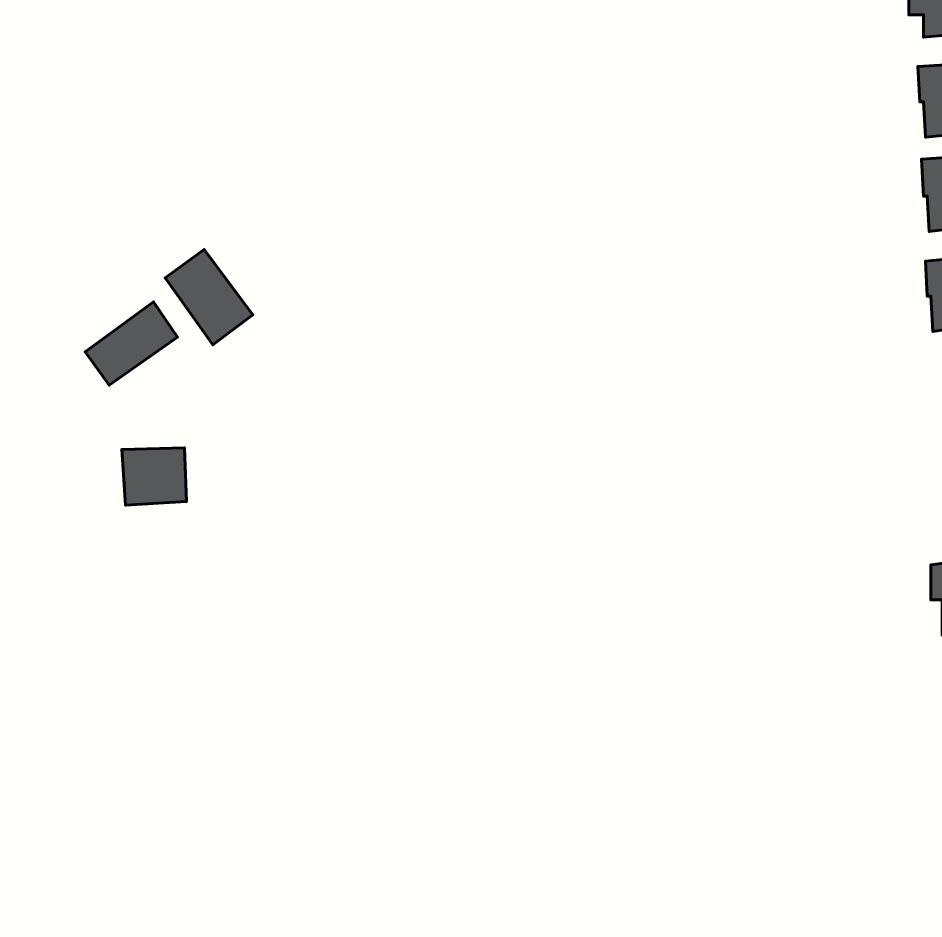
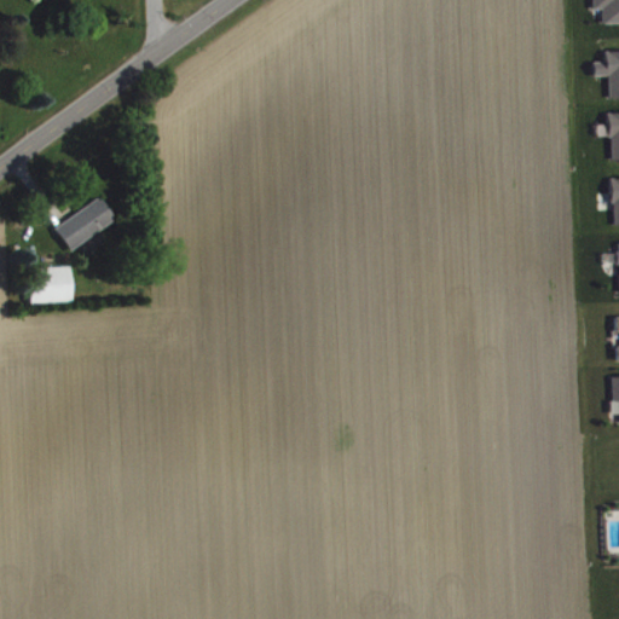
building: [165,249,253,345] -> none
building: [122,448,186,505] -> [33,267,75,305]

